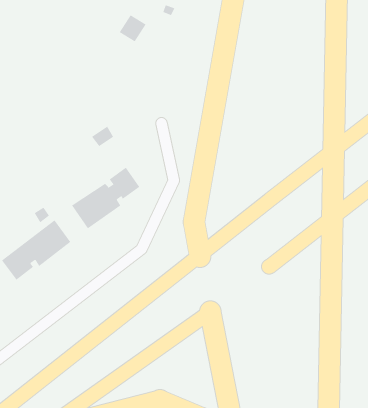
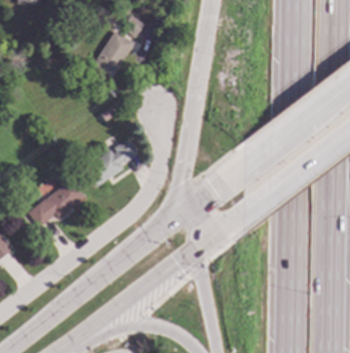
building: none -> [93,29,135,76]

